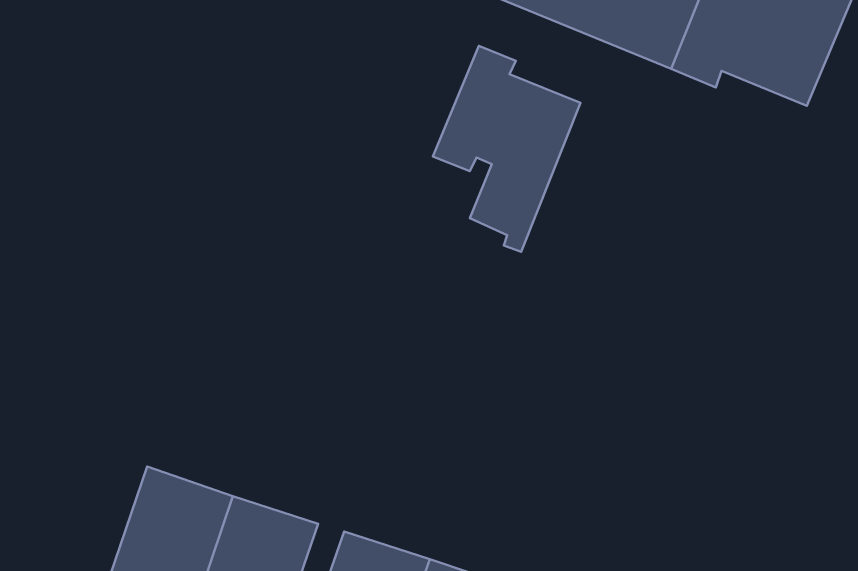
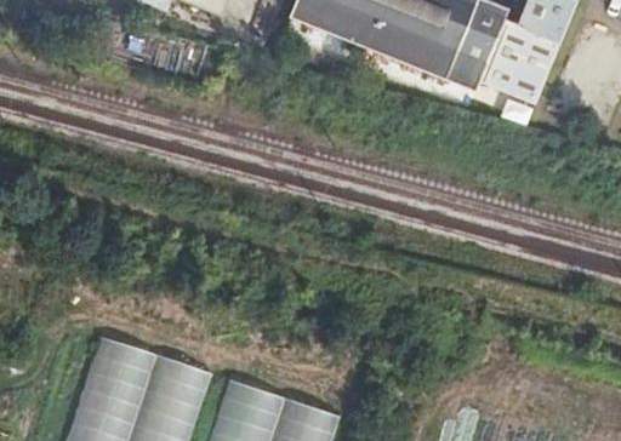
building: [433,46,580,252] -> none

